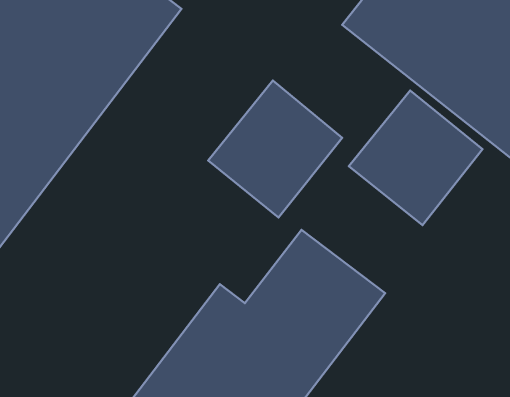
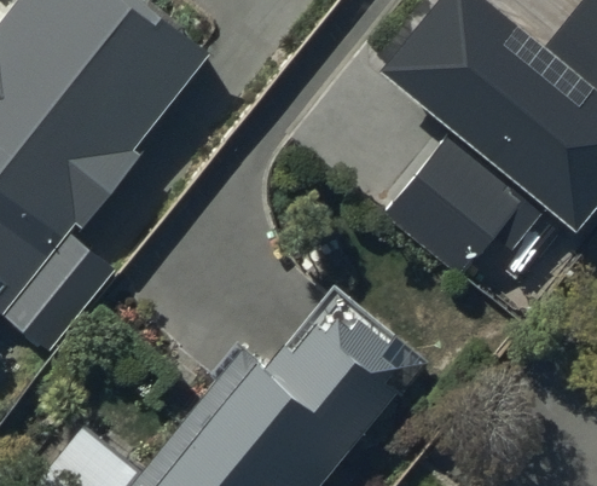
building: [208,81,342,217] -> none

